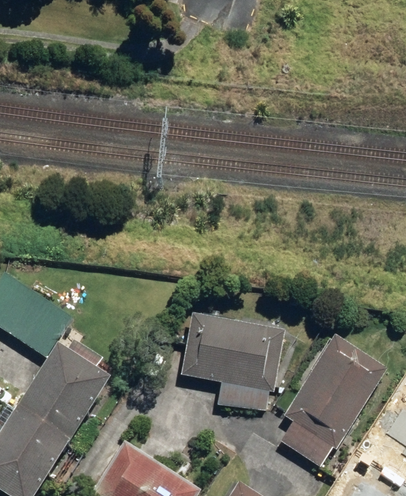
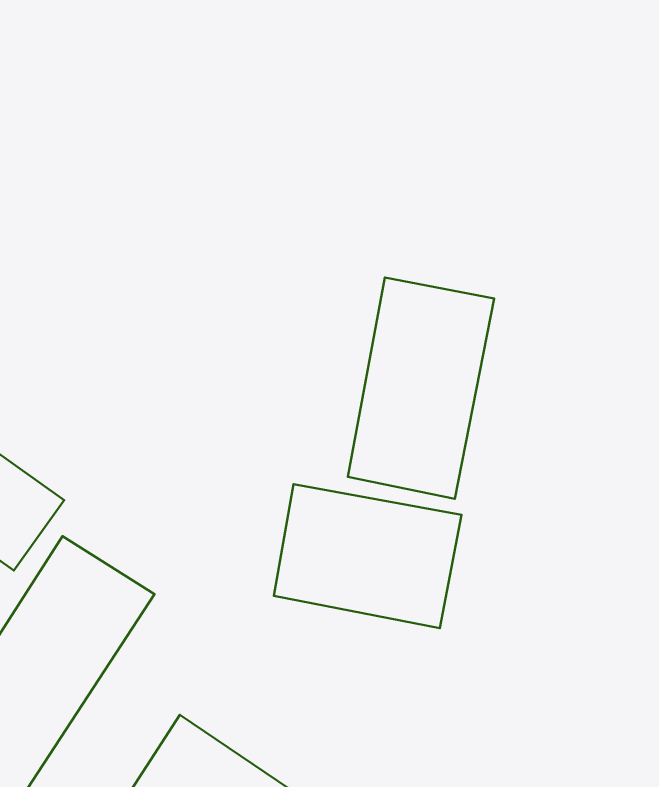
building: none -> [348,278,494,499]
building: [281,335,387,449] -> none

